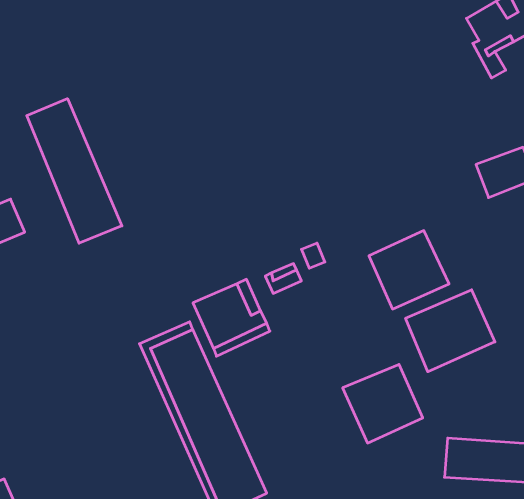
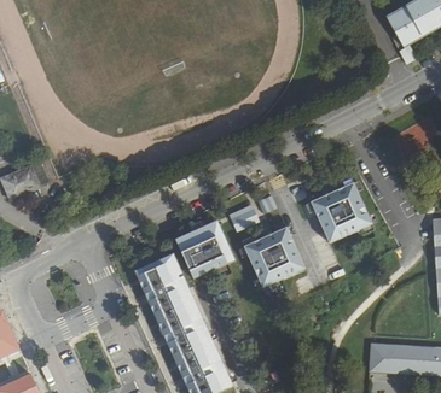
building: [27,99,122,243] -> none
building: [406,290,495,372] -> none
building: [343,364,423,443] -> [243,227,304,287]

